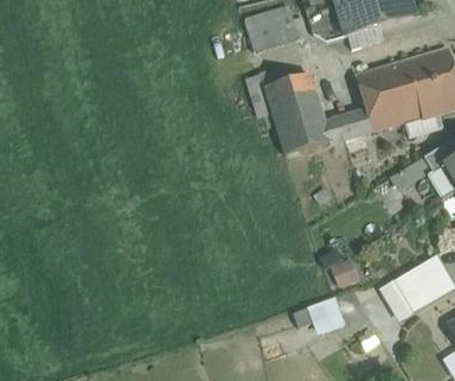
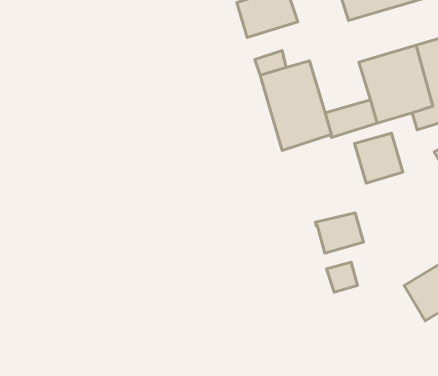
building: none -> [354,133,403,183]
building: none -> [316,213,364,253]
building: [379,278,416,319] -> none
building: [307,296,345,334] -> none

